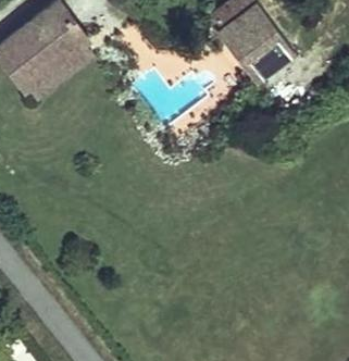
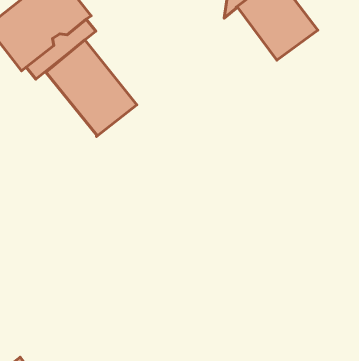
building: none -> [46,40,137,137]

